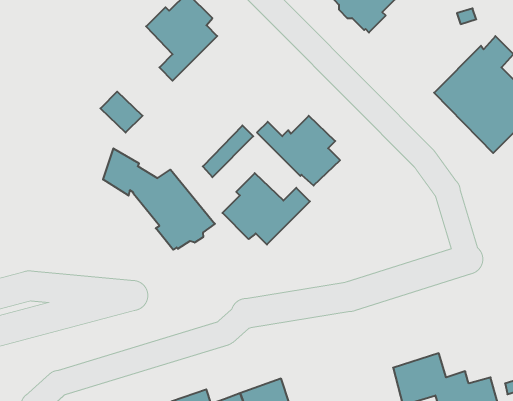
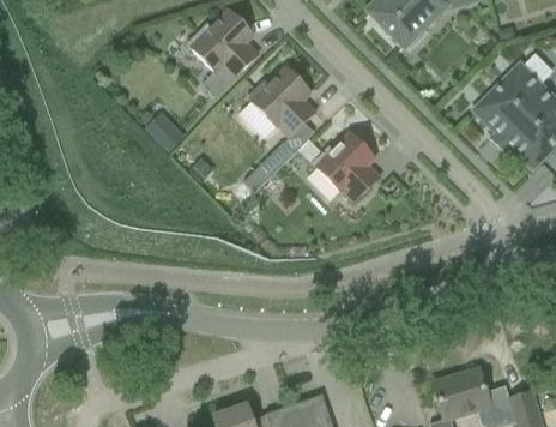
building: none -> [248,67,316,137]
building: [103,148,215,250] -> none
building: [222,173,310,245] -> none

